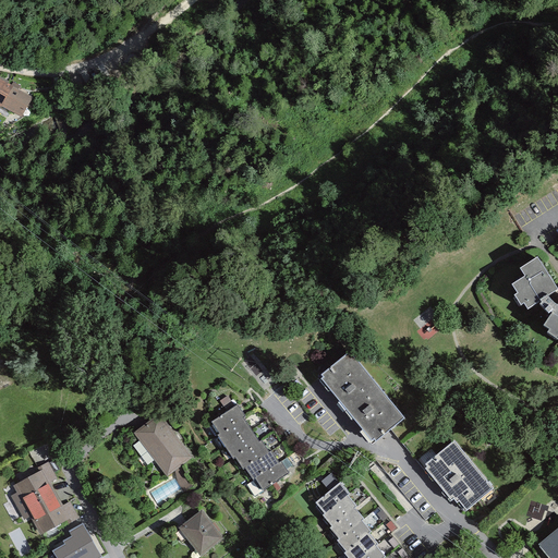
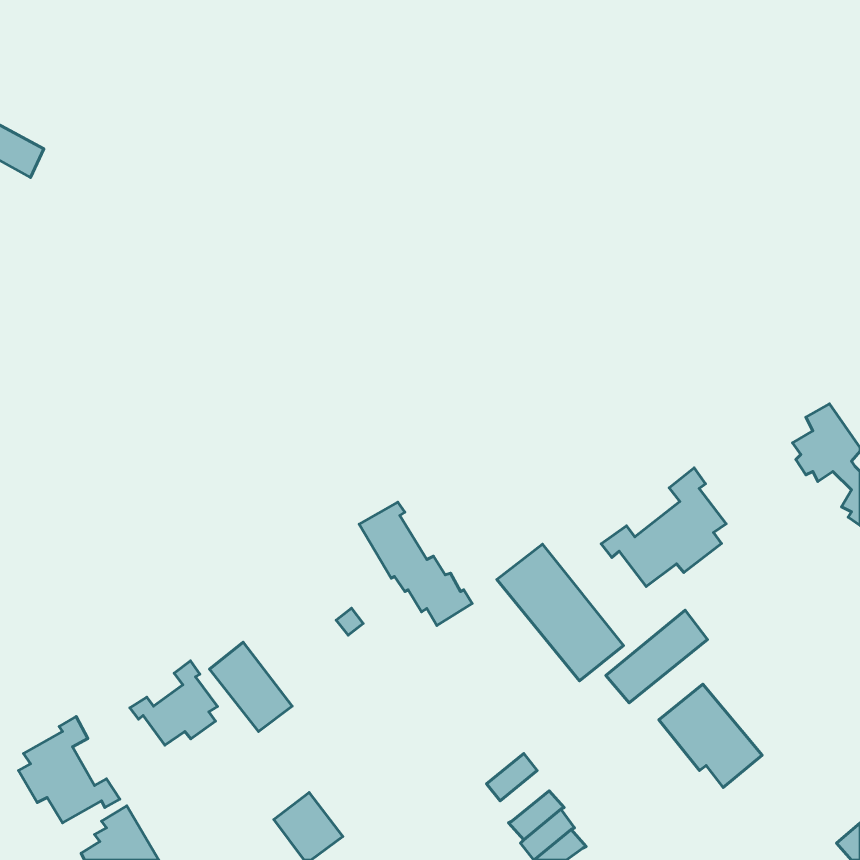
building: none -> [601,468,726,587]
building: none -> [606,610,708,703]
building: [213,407,286,486] -> [359,502,472,625]
building: none -> [130,661,217,745]
building: [322,497,356,530] -> none

